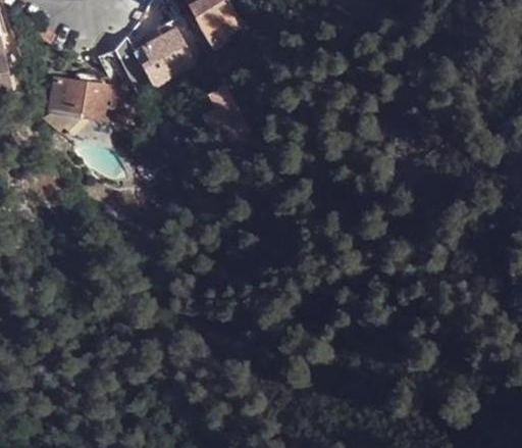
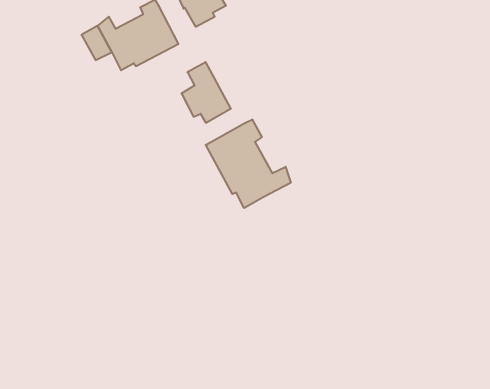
building: [50,77,115,132] -> none
building: none -> [206,119,291,208]

